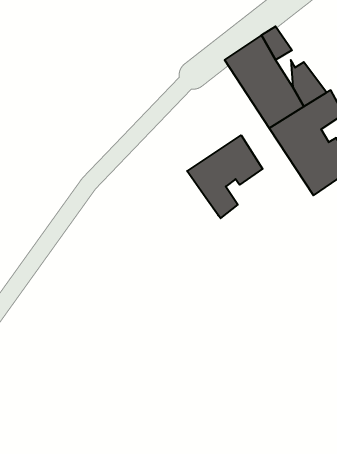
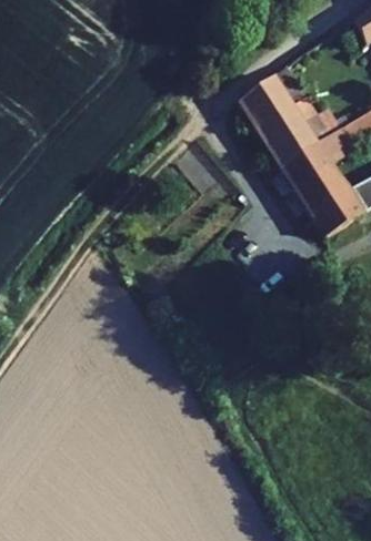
building: [187,135,263,218] -> none

